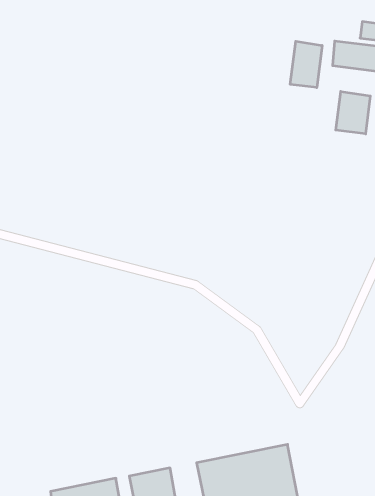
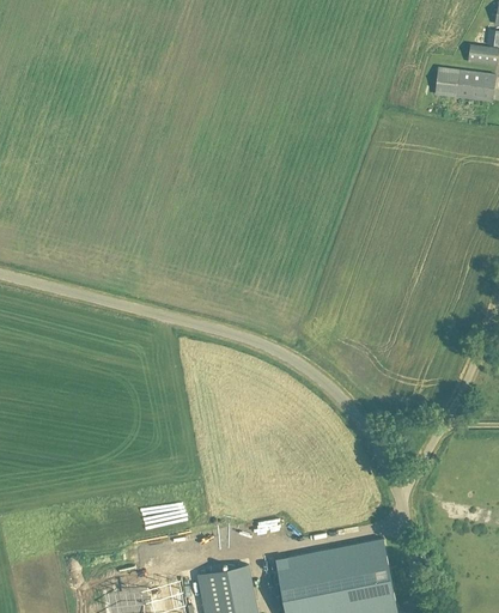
building: [290,41,322,88] -> none
building: [336,91,370,134] -> none

